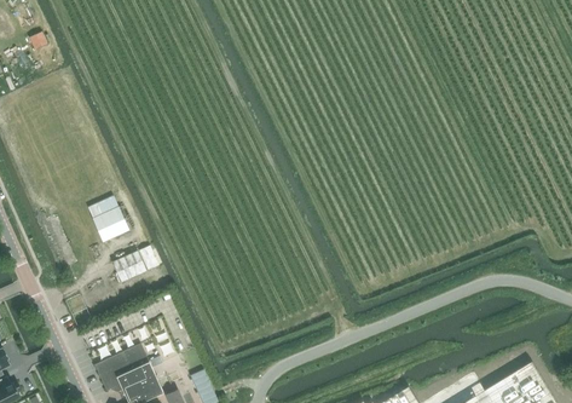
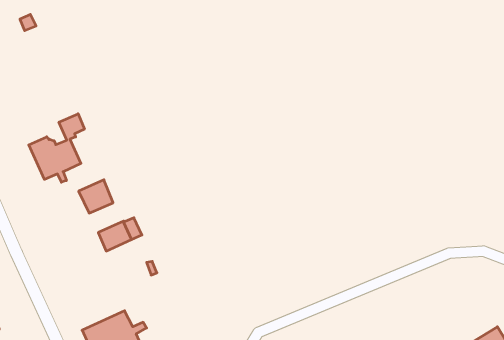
building: none -> [29,114,84,182]

